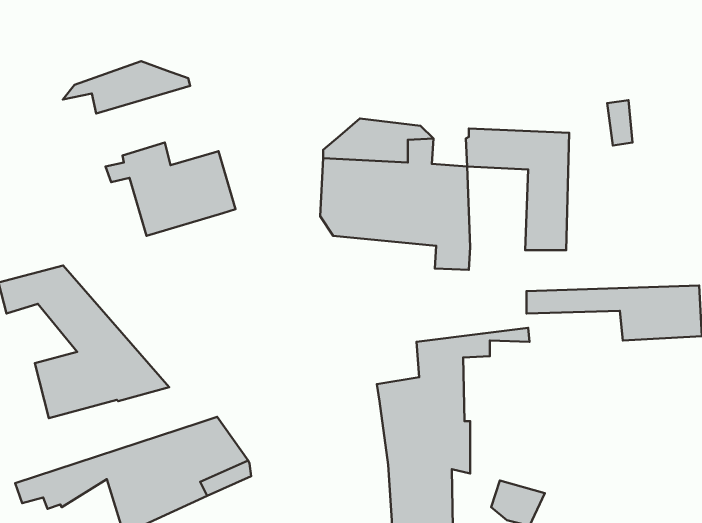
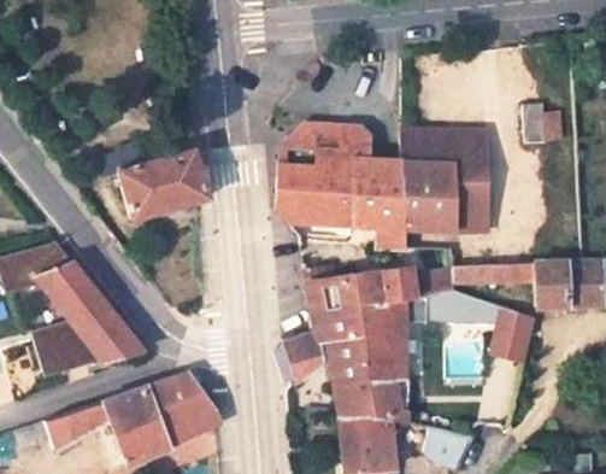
building: [63,61,190,114] -> none
building: none -> [405,162,457,233]
building: none -> [284,271,418,382]
building: none -> [457,299,531,359]

